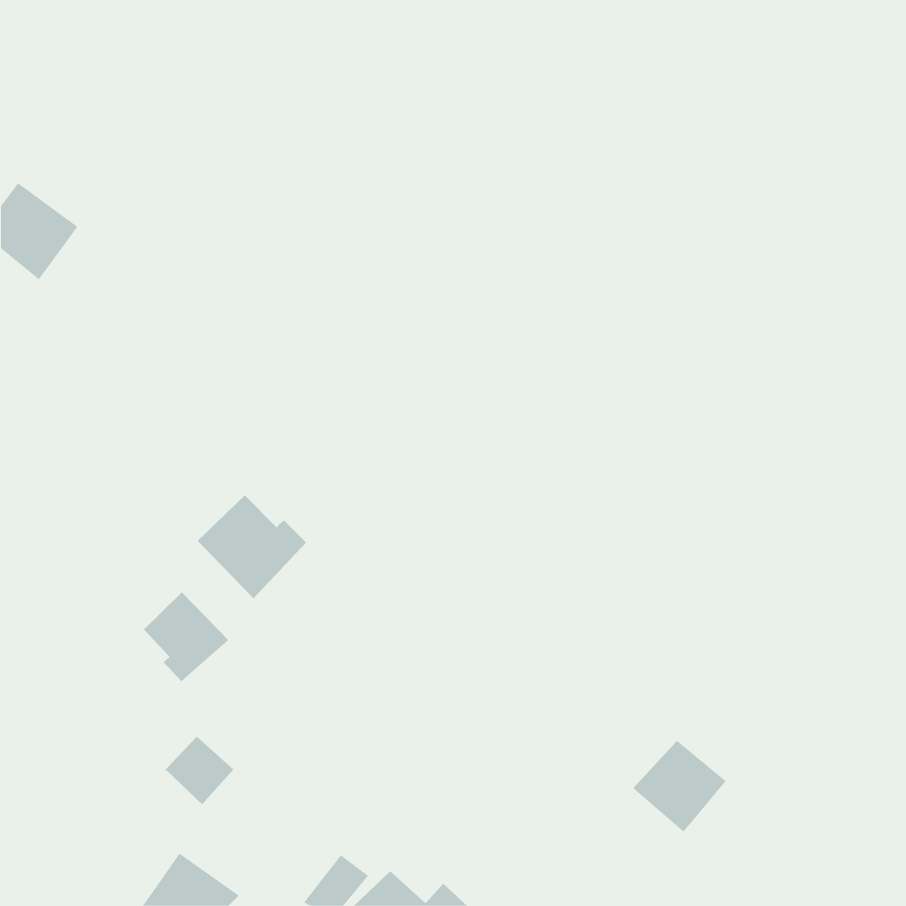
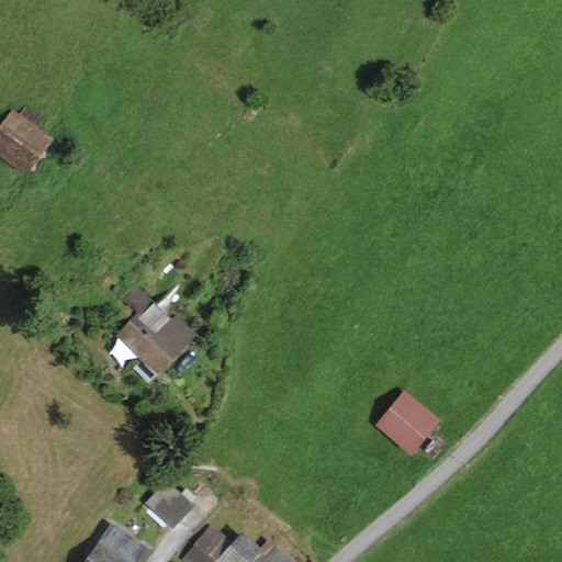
building: [143,592,229,682] -> none
building: [165,736,234,805] -> [147,483,190,526]
building: [632,740,726,833] -> [378,396,436,453]

